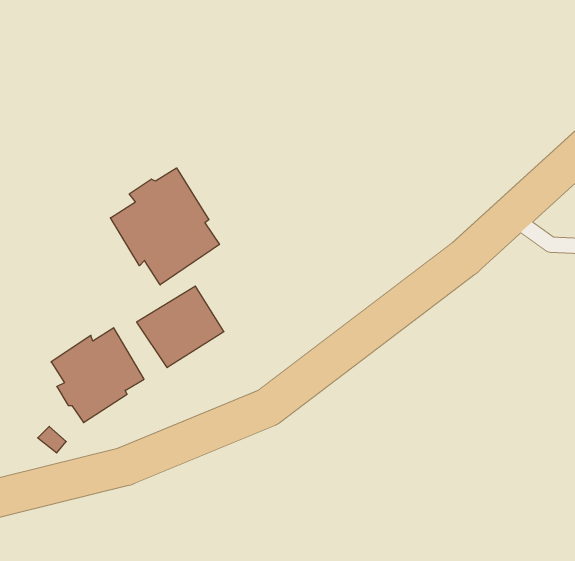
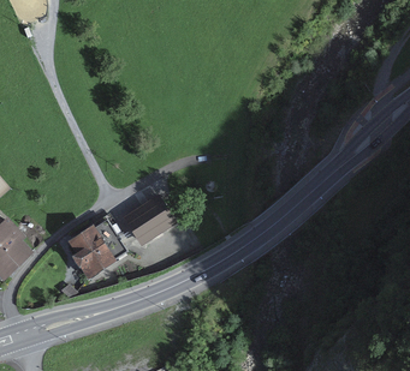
building: [110,168,219,285] -> none

